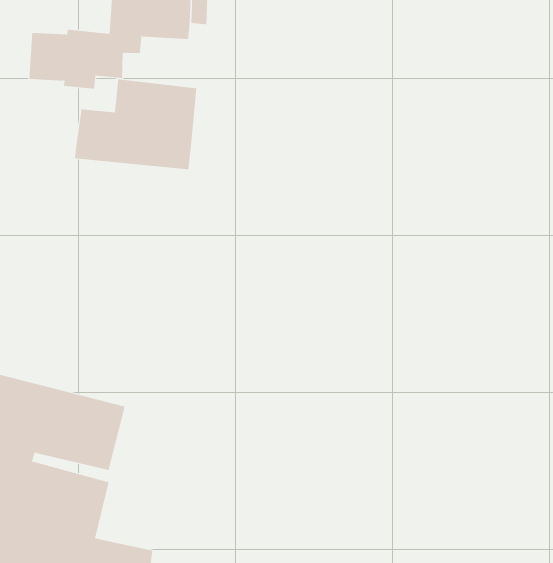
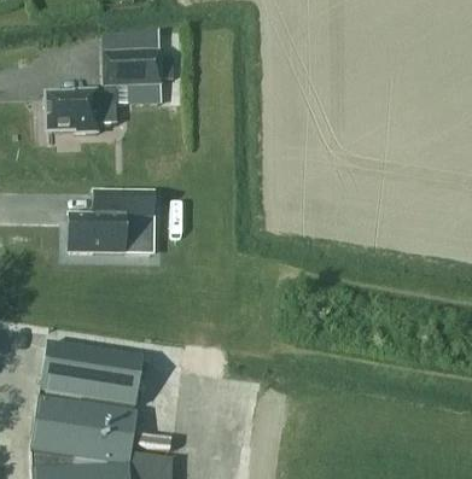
building: [74,79,197,170] -> [69,189,152,250]

